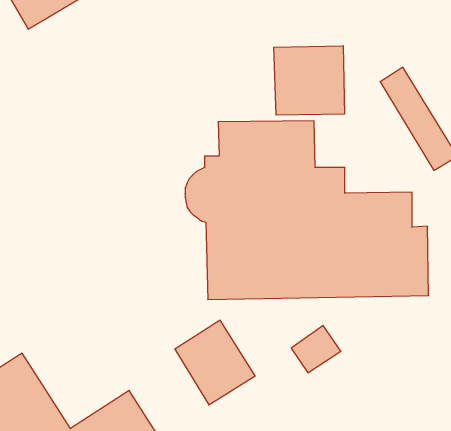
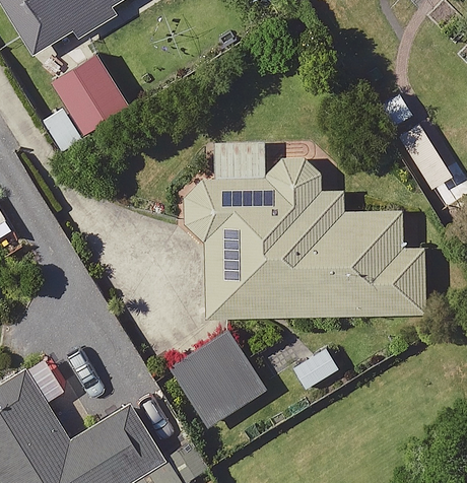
building: none -> [57,58,132,137]
building: [274,46,344,115] -> none

